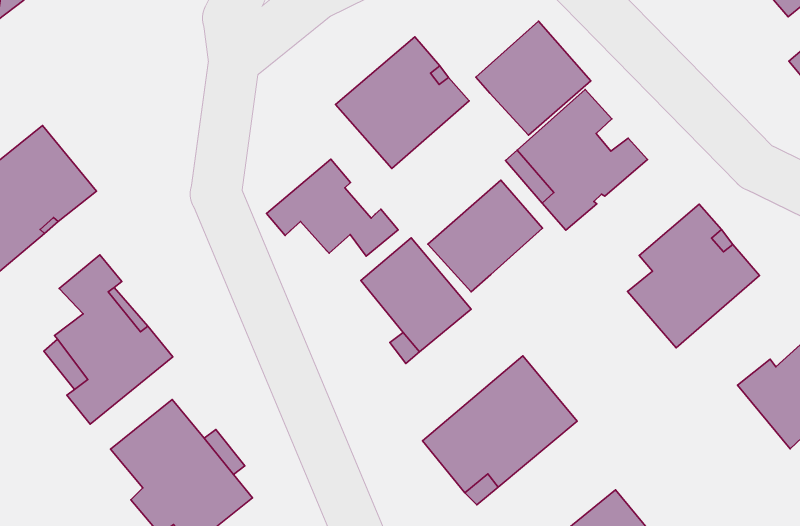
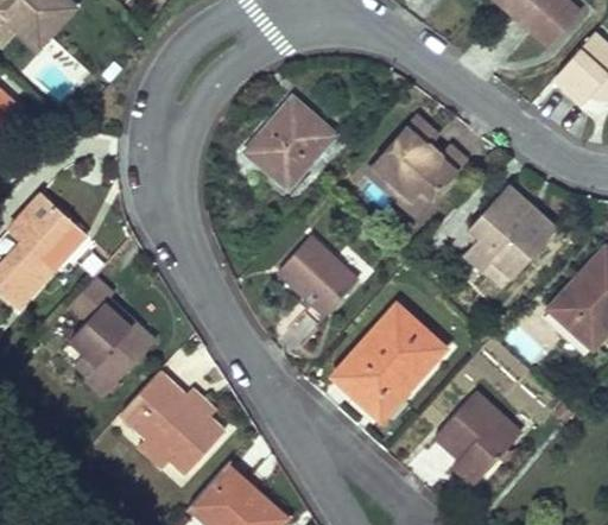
building: [476,21,591,135] -> none
building: [266,159,398,256] -> none
building: [428,180,542,292] -> none

